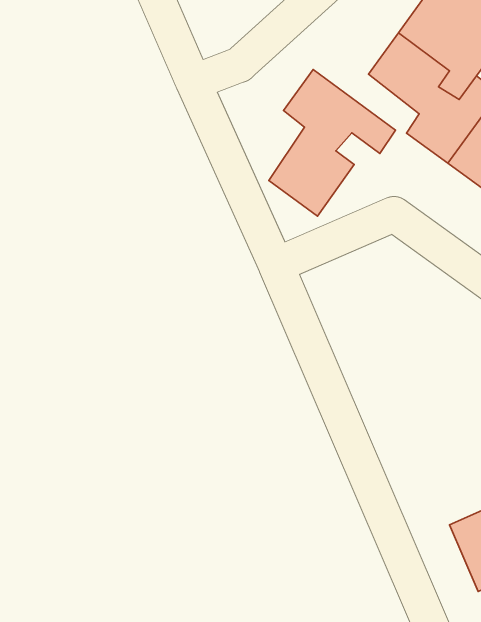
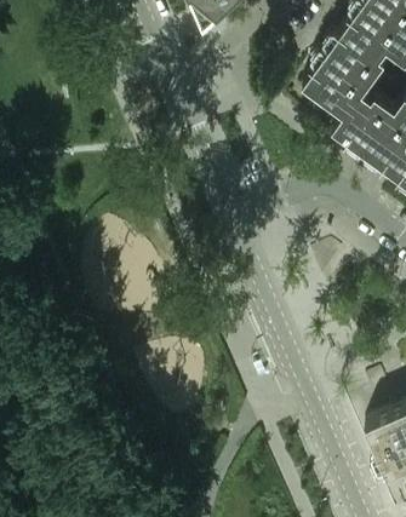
building: [269,70,396,216] -> none

